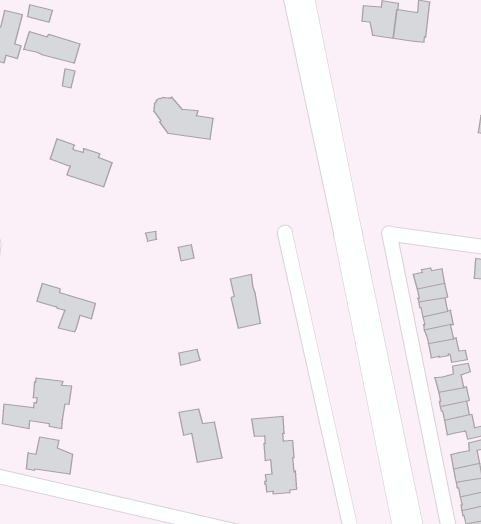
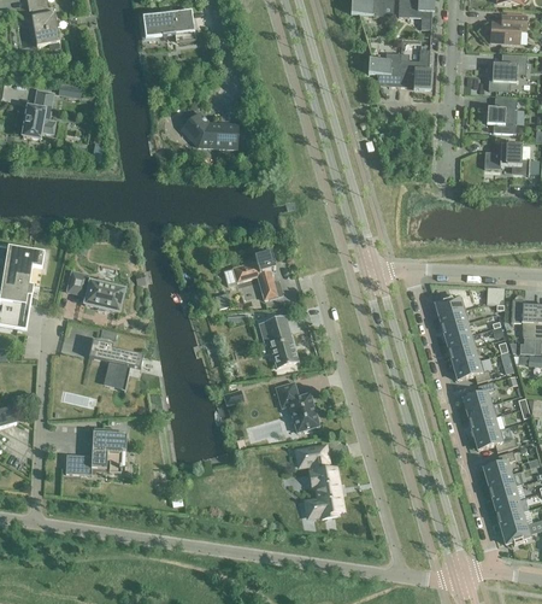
building: [24,31,80,63] -> none
building: [154,97,213,139] -> [182,111,237,147]
building: [50,139,112,187] -> [66,270,124,311]
building: none -> [231,248,282,299]
building: [179,409,222,462] -> [275,381,318,430]
building: [27,437,72,474] -> none

